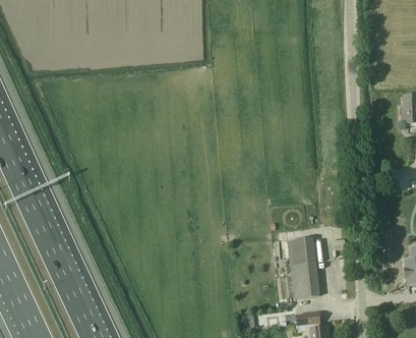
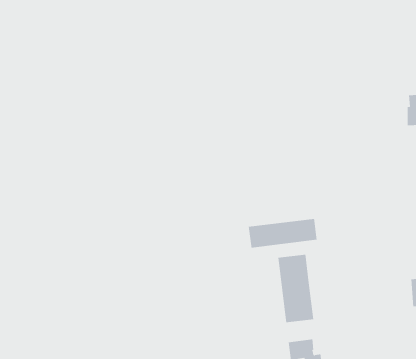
building: none -> [248,218,317,248]

